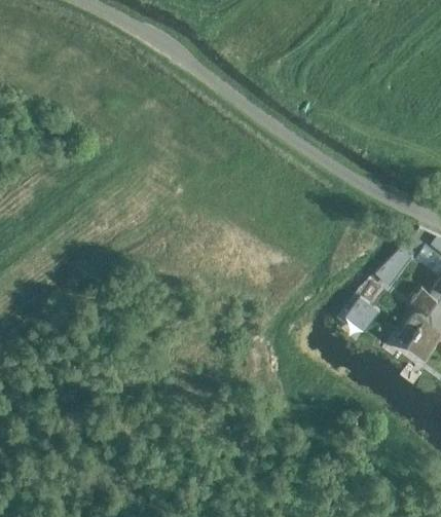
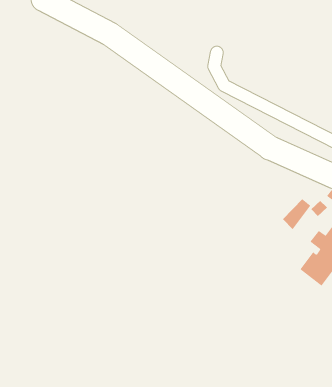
building: [344,298,379,333] -> none

